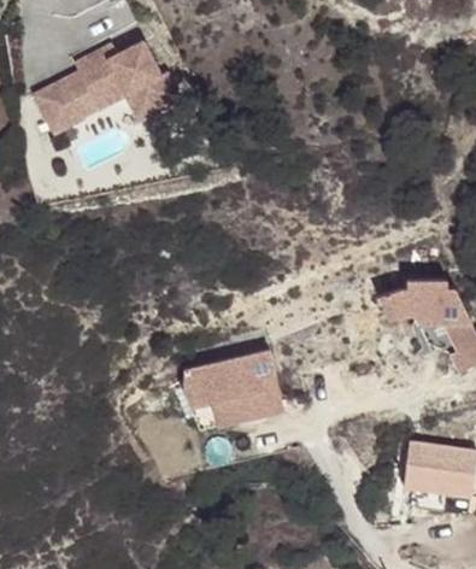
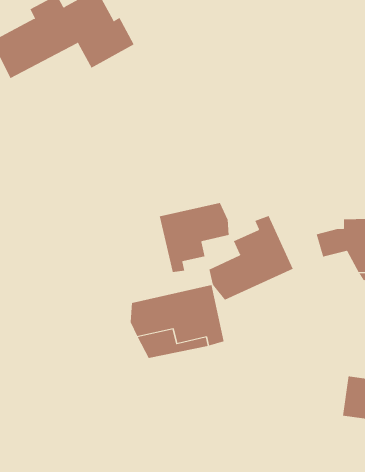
building: none -> [159,202,229,273]
building: none -> [209,215,293,300]

